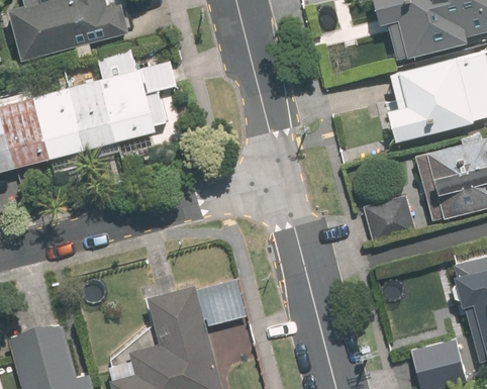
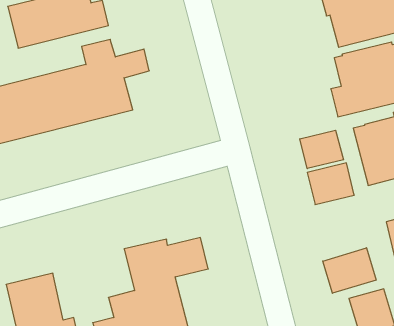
building: none -> [300,130,344,169]
building: none -> [323,248,376,293]

